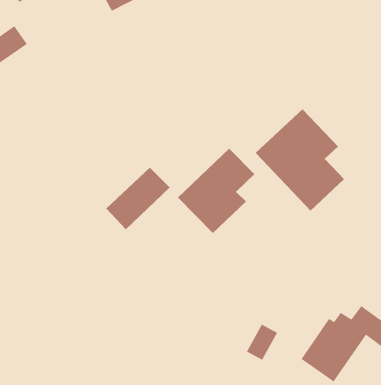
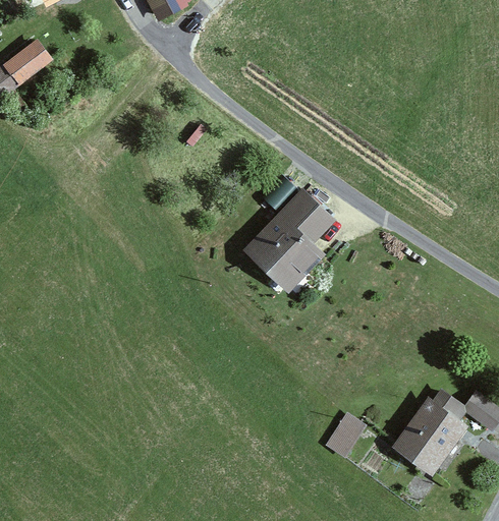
building: [255,109,345,211] -> none
building: [105,167,171,230] -> none

